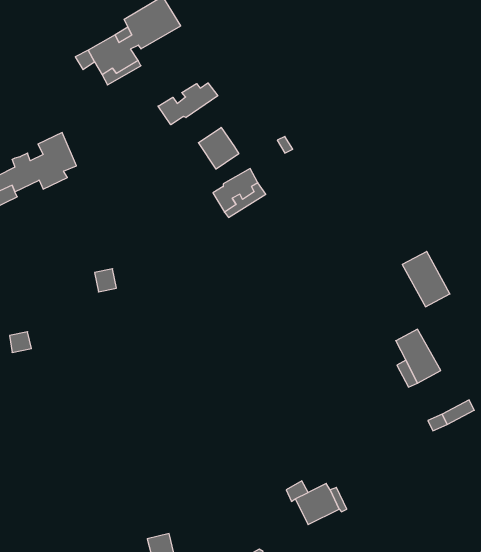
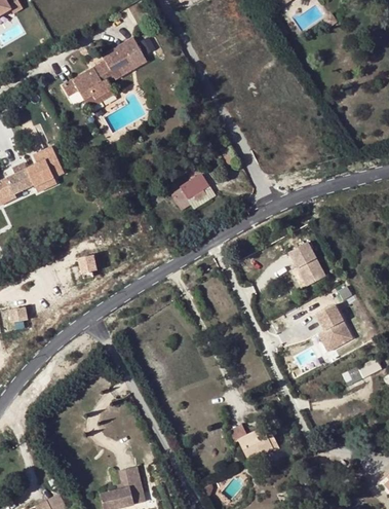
building: [158,83,218,125] -> none
building: [198,127,239,169] -> none
building: [402,251,450,307] -> [287,241,325,285]

